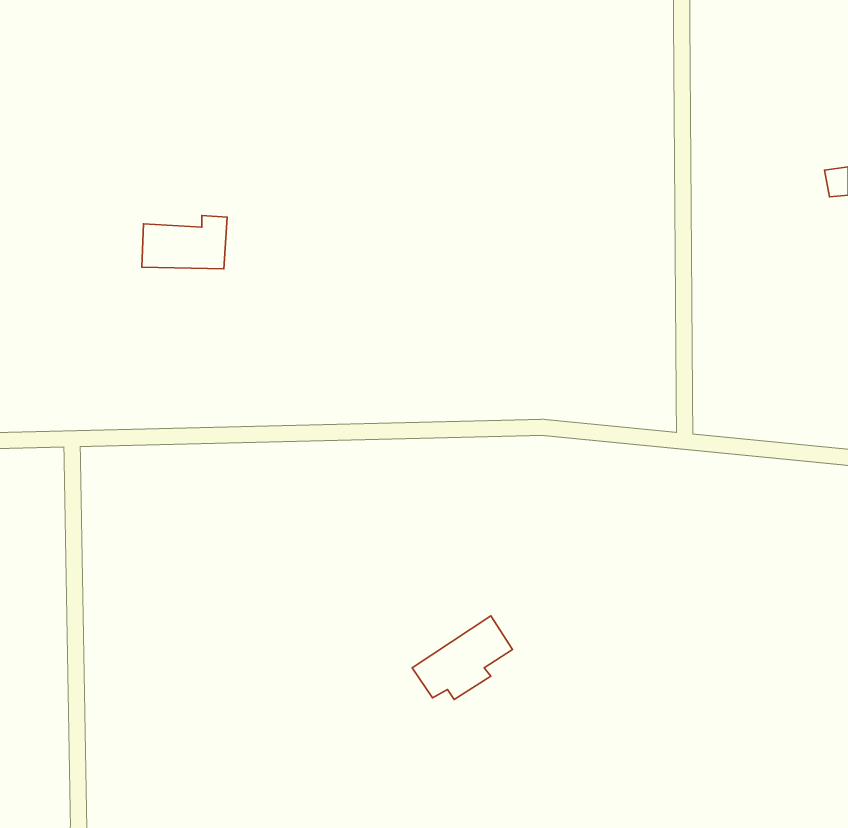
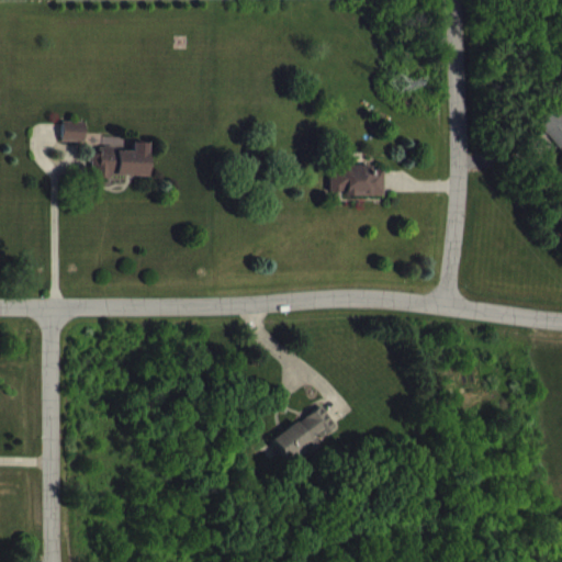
building: none -> [63,122,86,142]
building: none -> [331,165,385,195]

